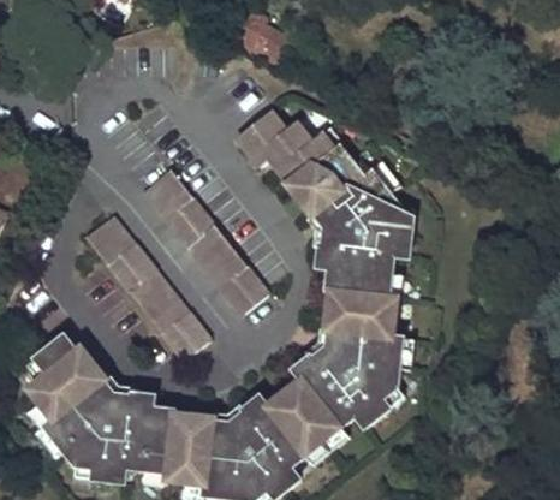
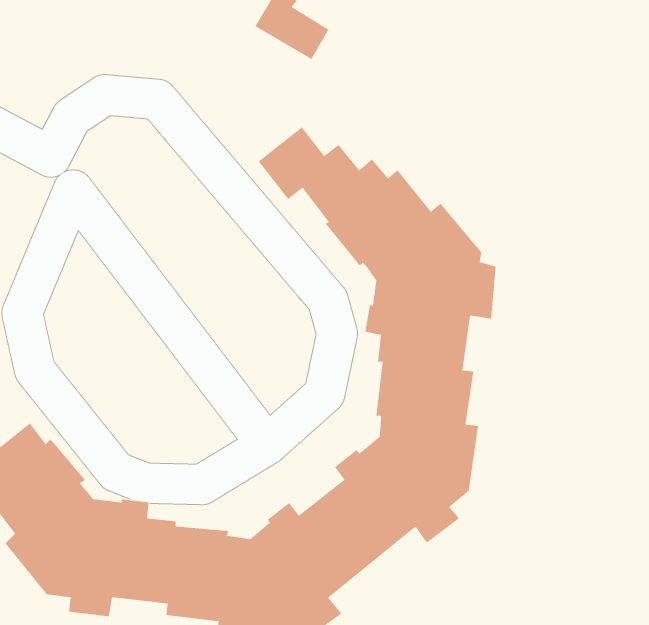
building: [142,168,267,314] -> none
building: [84,214,209,361] -> none

